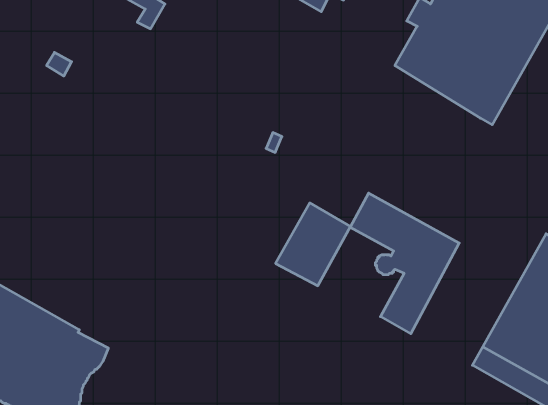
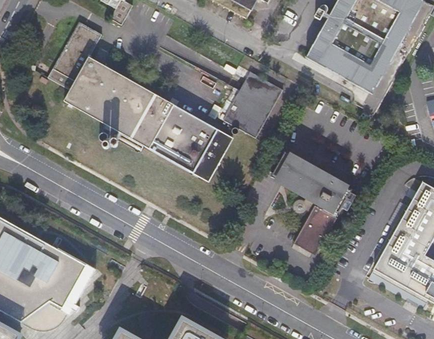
building: none -> [53,19,228,178]
building: [276,203,351,286] -> [221,71,278,134]

